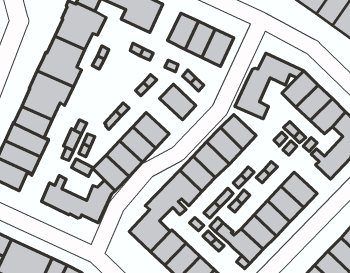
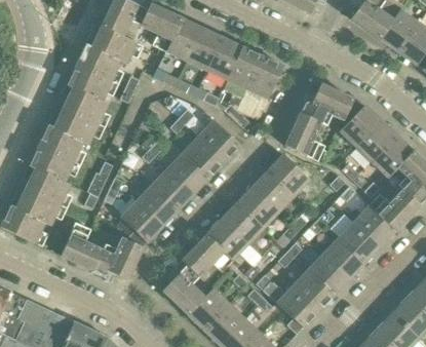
building: none -> [187,27,223,69]
building: none -> [183,136,225,177]
building: none -> [354,204,396,245]

